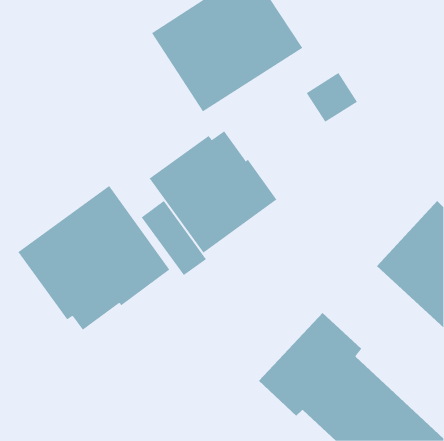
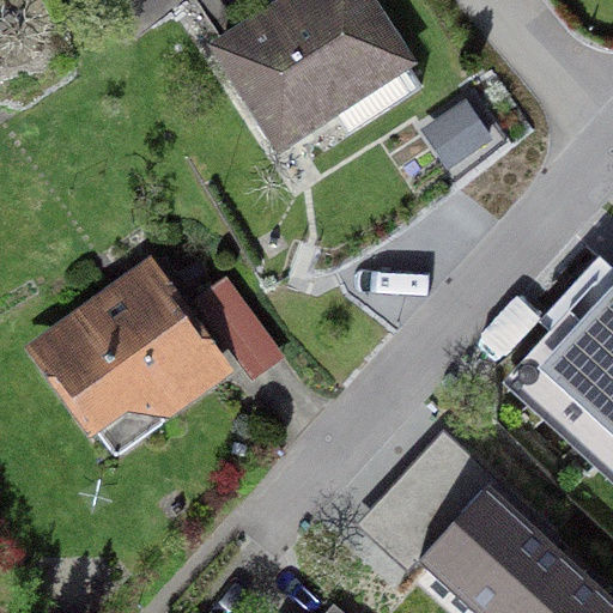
building: [149,130,277,254] -> none

